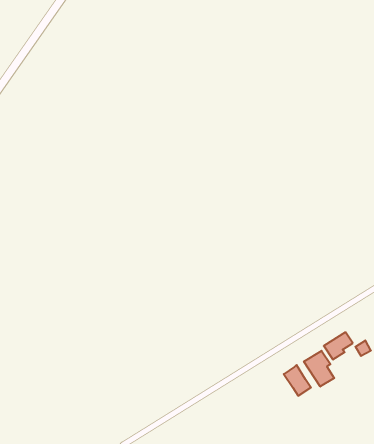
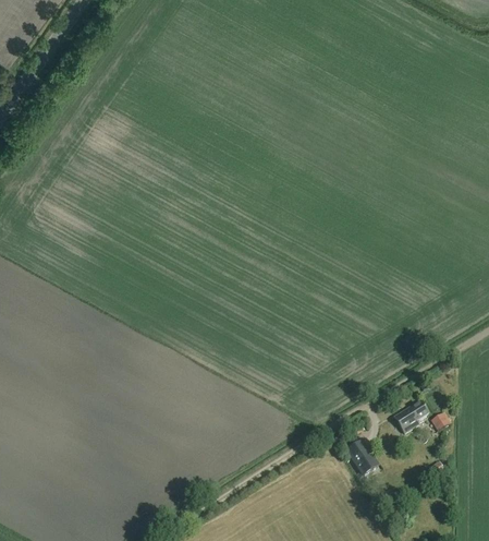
building: [304,351,334,387] -> none

